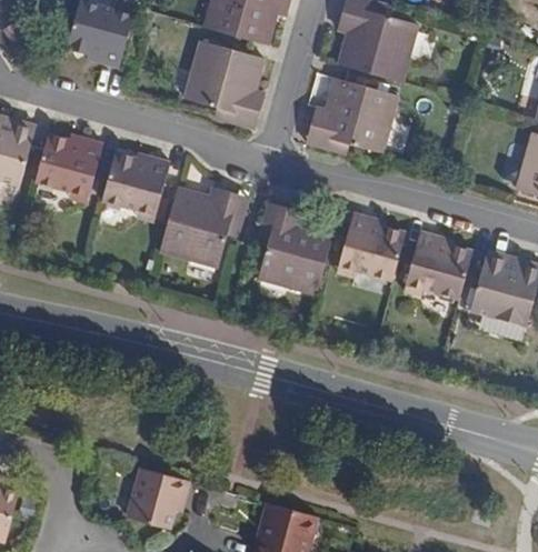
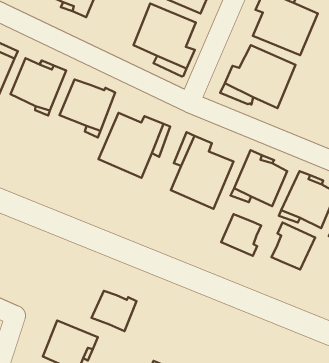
building: none -> [221,214,261,256]
building: none -> [272,222,315,269]
building: none -> [92,291,137,331]

